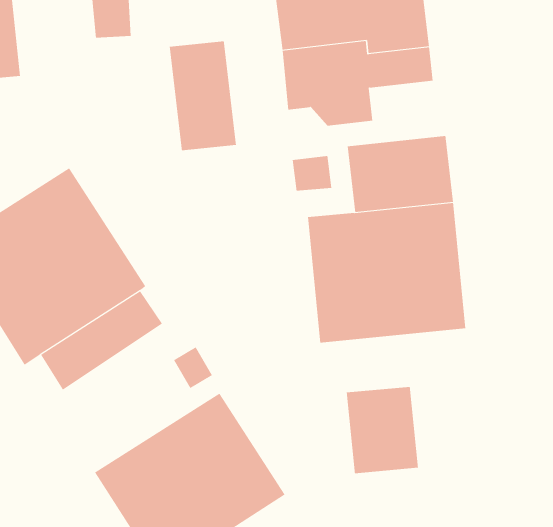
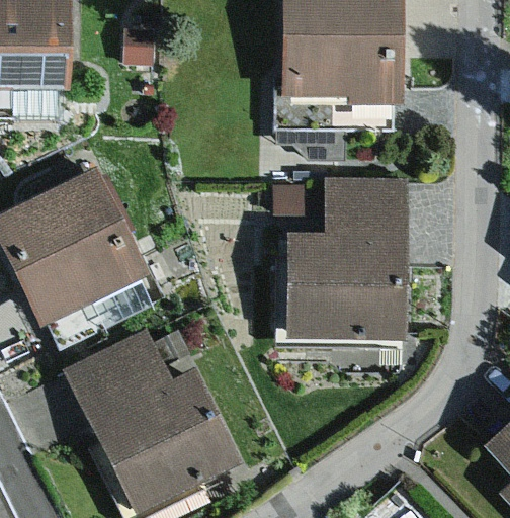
building: [169,41,236,151] -> none
building: none -> [61,329,173,422]
building: [346,386,418,474] -> none

